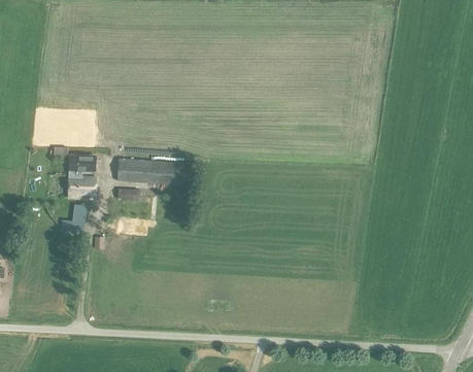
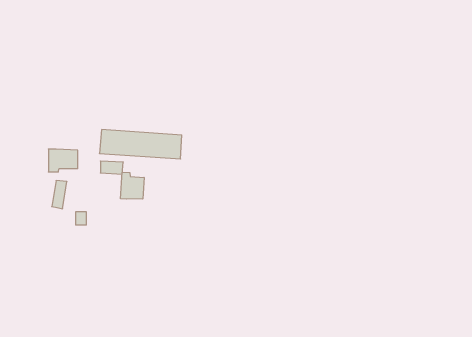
building: [67,155,94,176] -> none
building: none -> [121,172,144,199]

